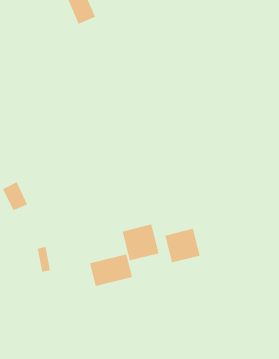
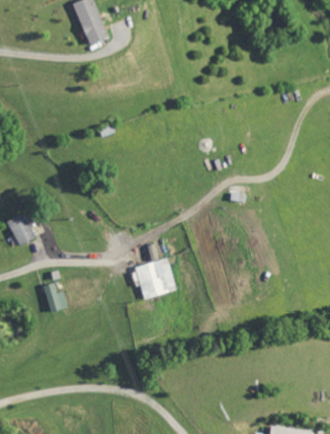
building: [164,228,201,263] -> none
building: [89,253,133,287] -> none

